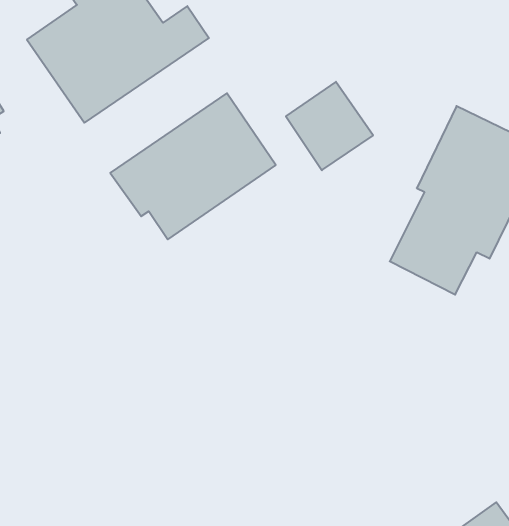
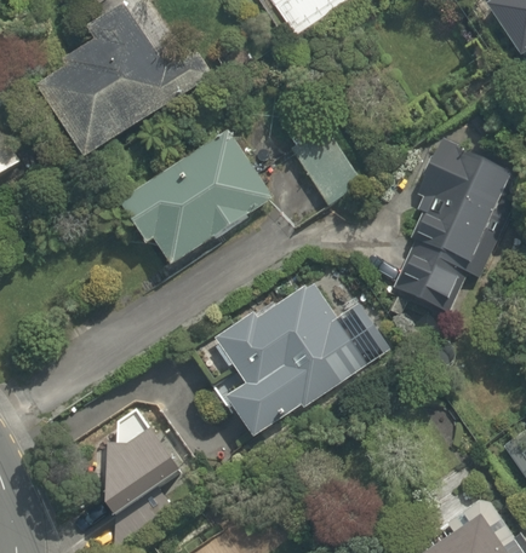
building: none -> [191,278,387,436]
building: none -> [75,407,184,514]

